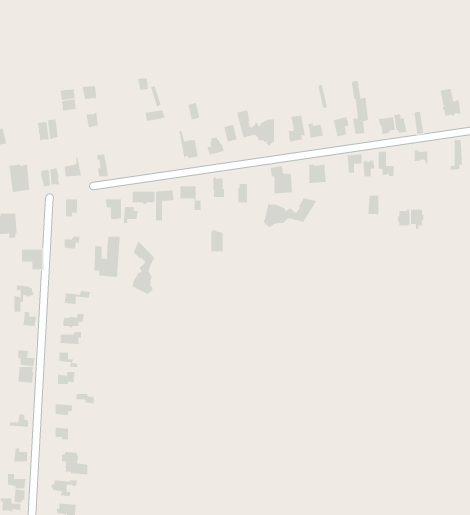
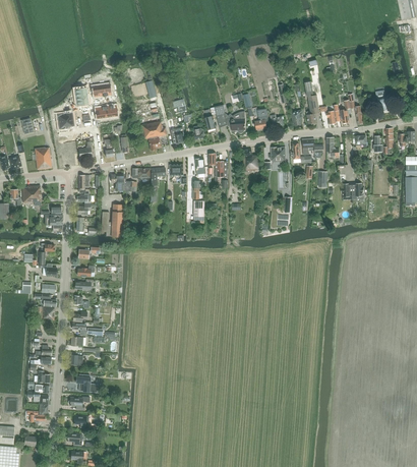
building: none -> [139,121,166,151]
building: [263,197,317,228] -> none
building: [131,240,155,295] -> none

